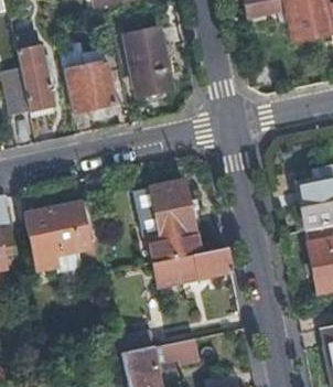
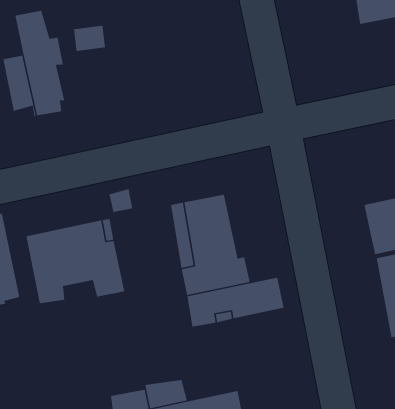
building: [123,28,171,97] -> none
building: [63,61,116,111] -> none

